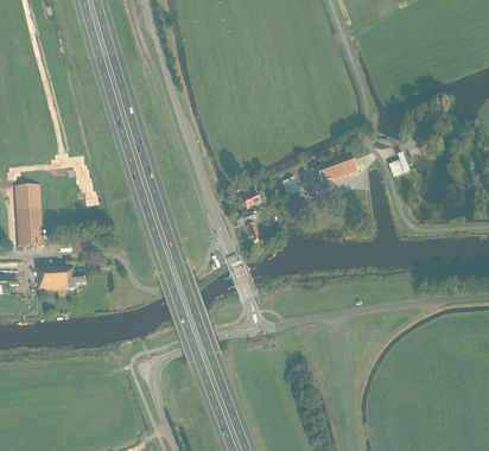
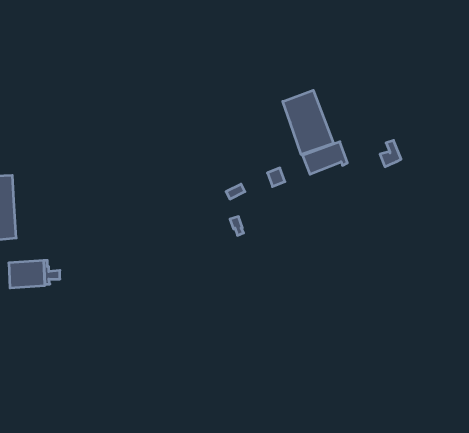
building: none -> [283,90,333,154]

